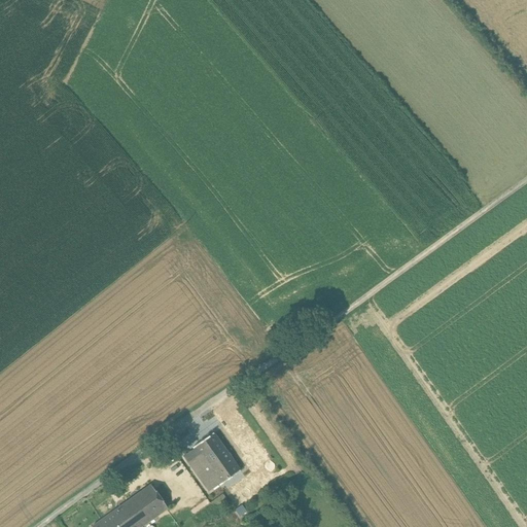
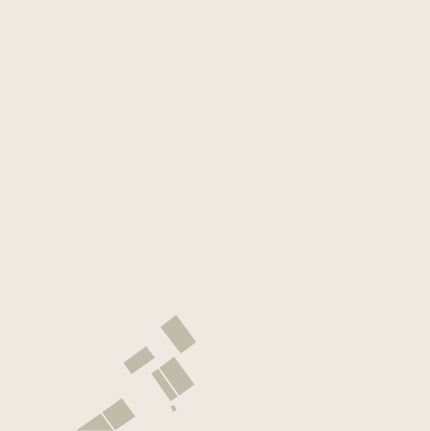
building: none -> [160,314,197,355]
building: none -> [123,345,156,375]

